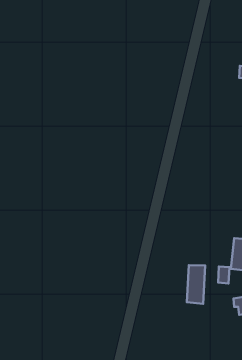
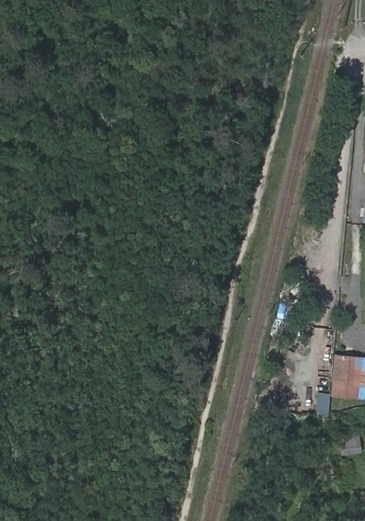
building: [187,265,205,304] -> none

